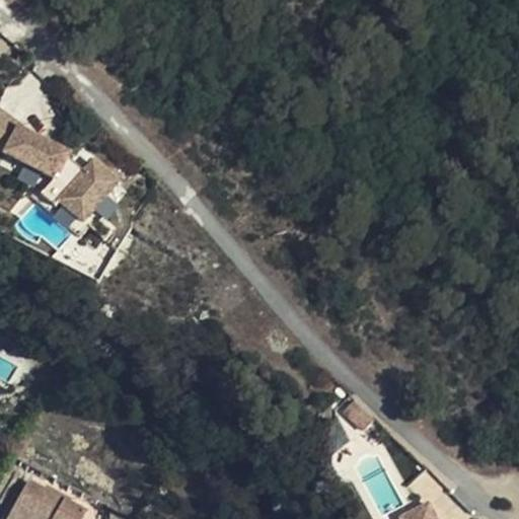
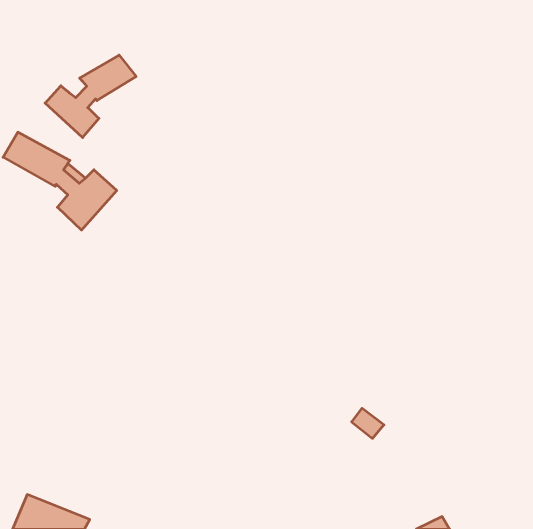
building: none -> [45,55,136,138]

